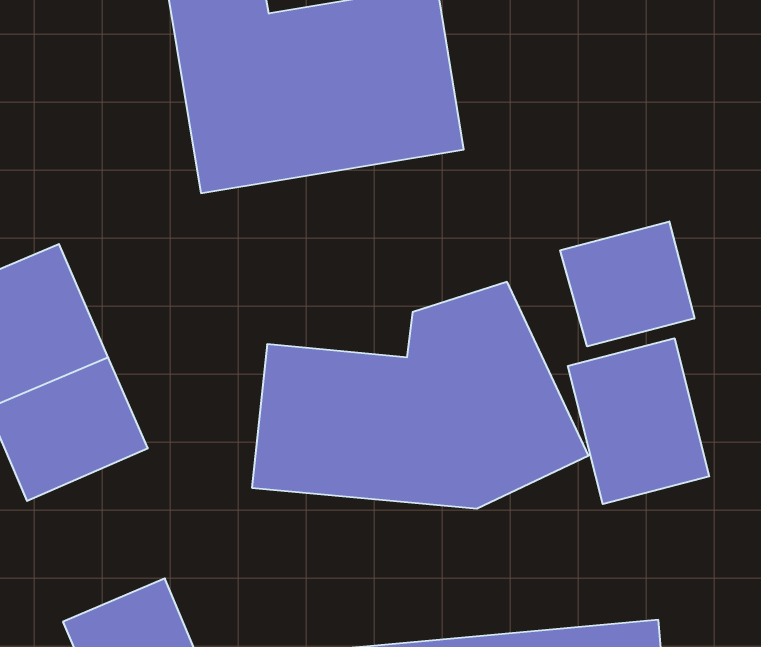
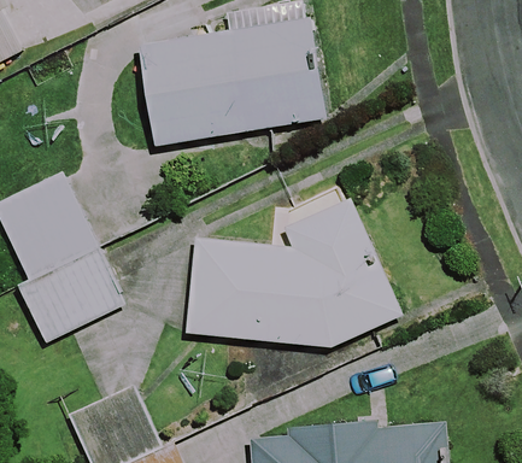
building: [560,221,694,346] -> none
building: [568,338,709,504] -> none

